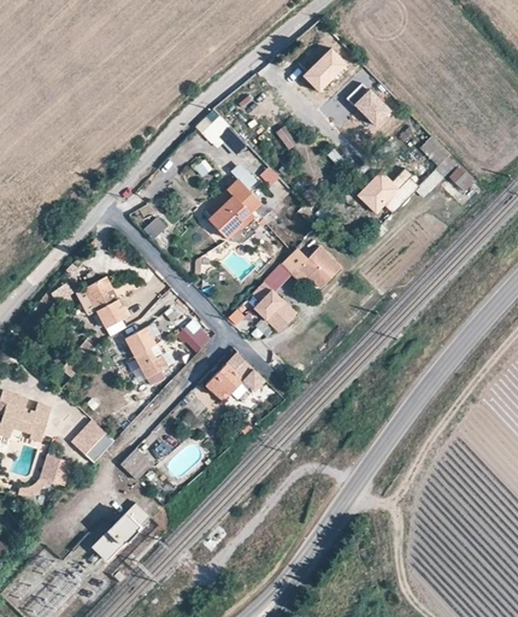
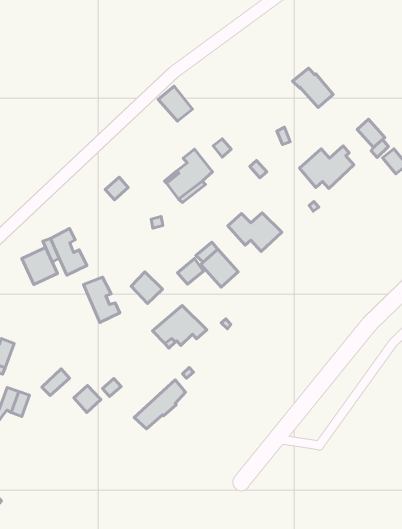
building: [302,47,347,93] -> none
building: none -> [22,248,58,285]
building: [71,421,105,454] -> none
building: [92,503,147,559] -> [134,380,185,429]

